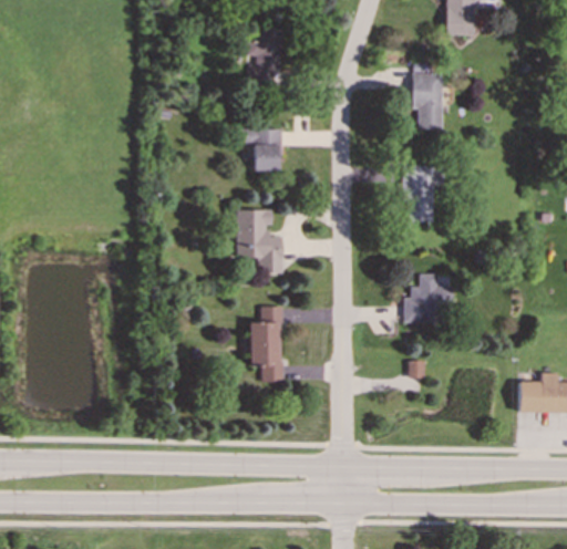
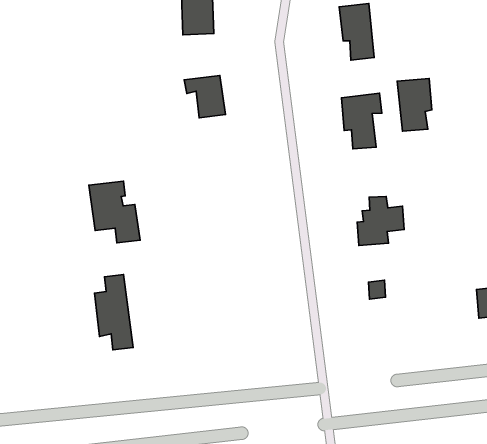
building: none -> [397,79,432,131]
building: [236,210,282,273] -> [89,181,140,243]
building: [249,307,282,383] -> [94,275,133,350]

